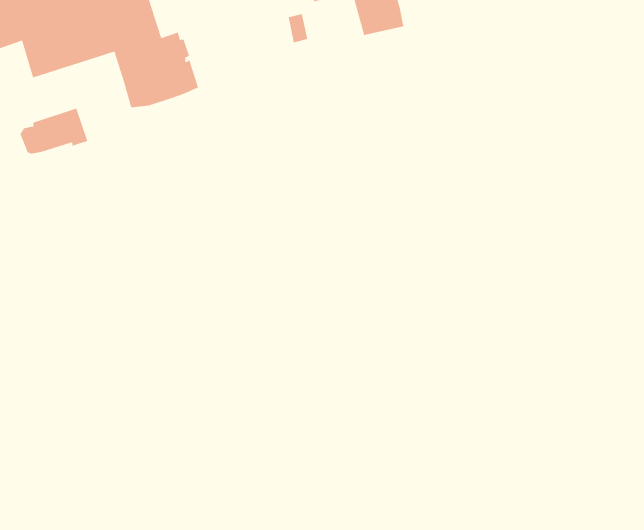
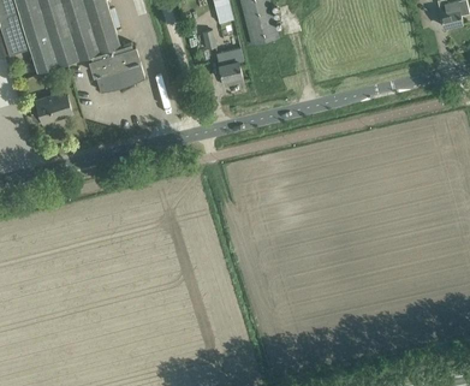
building: none -> [216,47,243,85]

